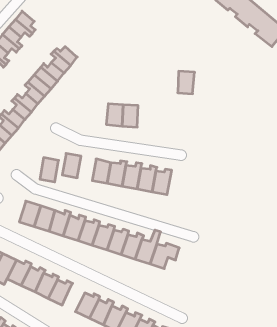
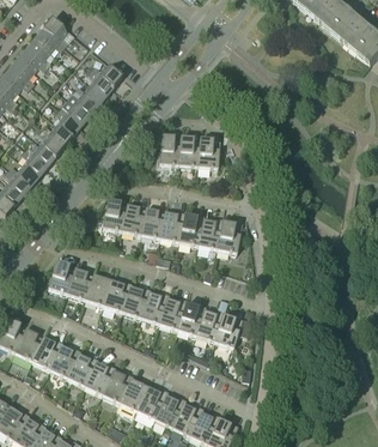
building: [178,71,195,94] -> [197,139,219,168]
building: [40,158,59,182] -> [121,204,145,235]
building: none -> [102,370,133,403]

